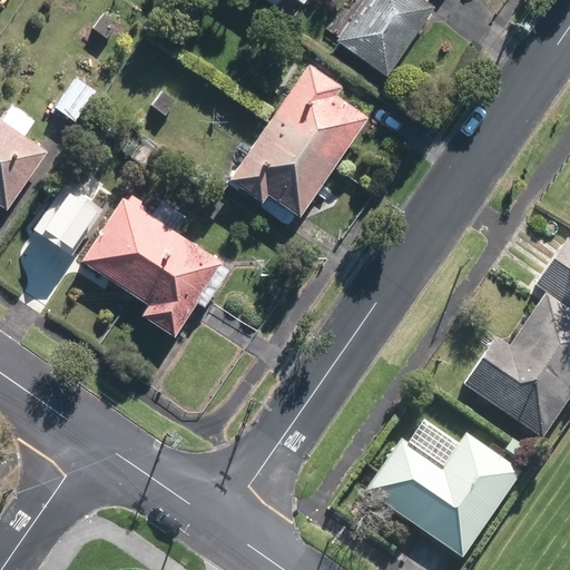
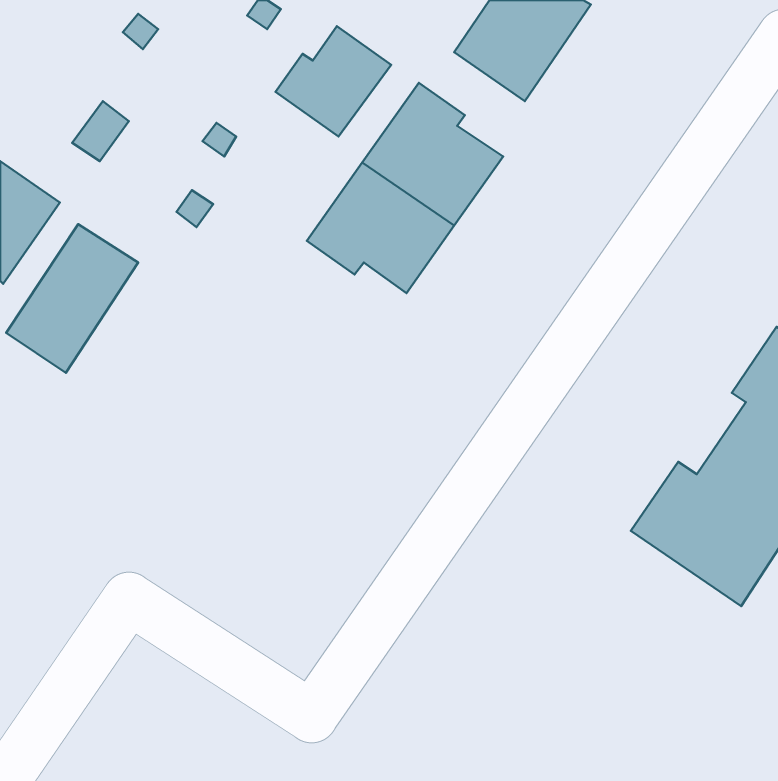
building: none -> [276,26,391,137]
building: [80,195,224,335] -> none
building: [364,434,522,560] -> none

